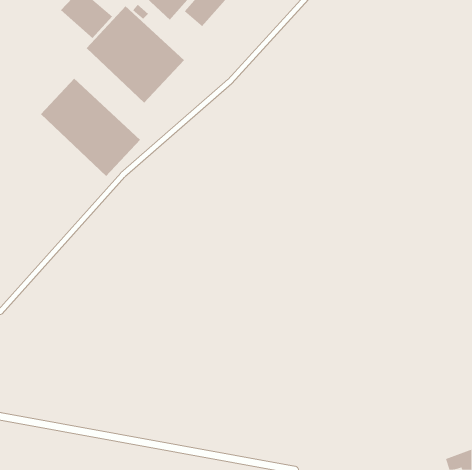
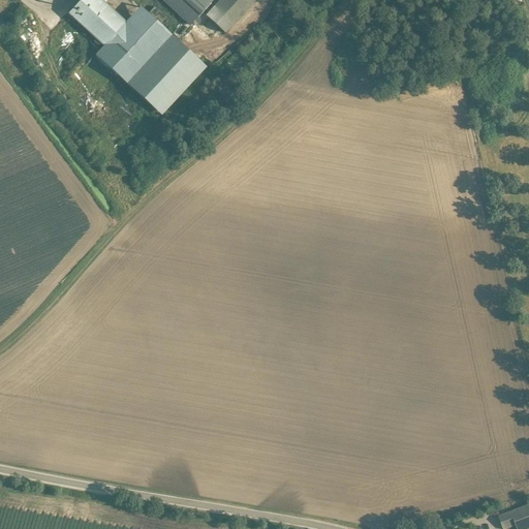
building: [40,78,141,177] -> none

